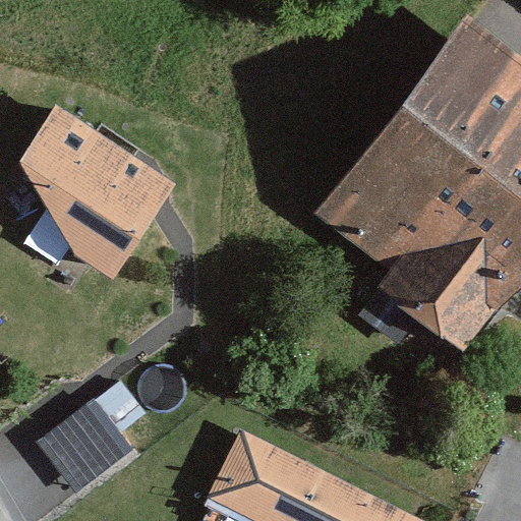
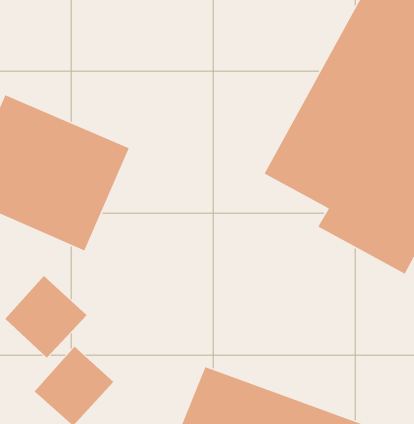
building: none -> [4,275,87,358]

